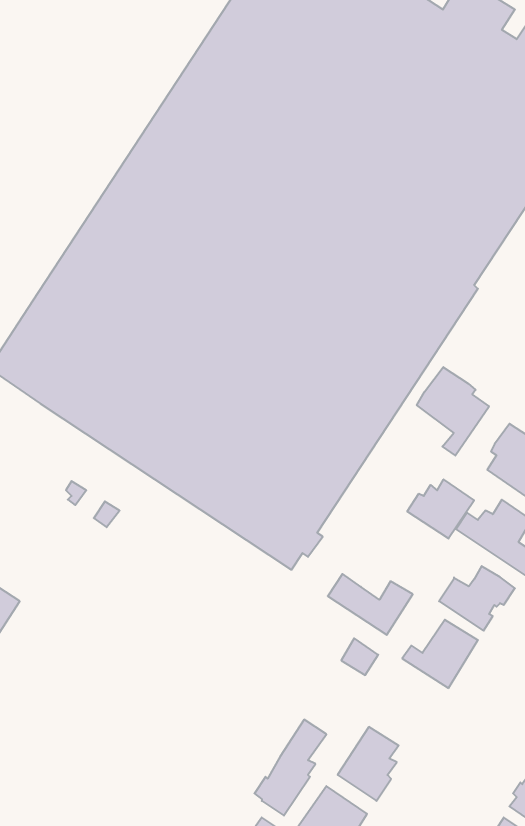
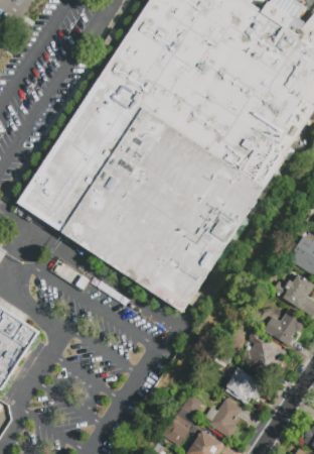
building: [417,367,489,456] -> none
building: [407,479,474,539] -> none
building: [328,574,413,635] -> [217,375,264,409]

